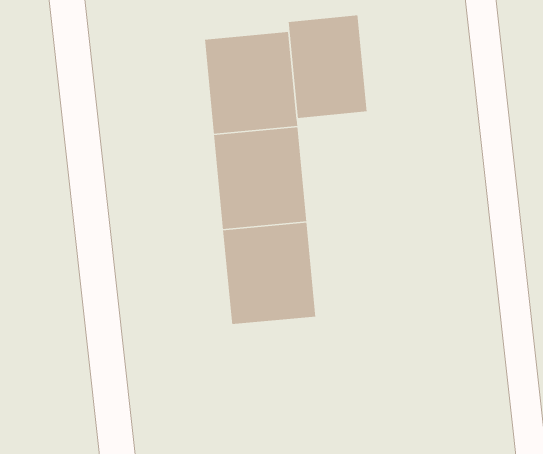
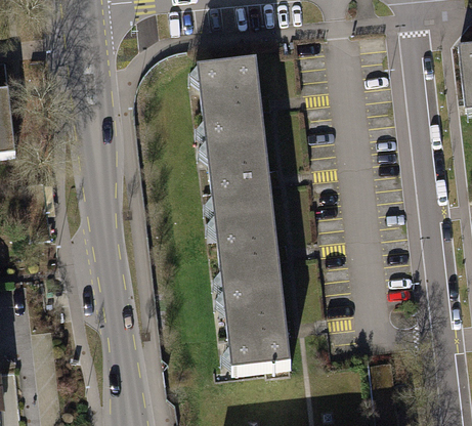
building: [288,14,367,119] -> none
building: none -> [214,284,288,365]

